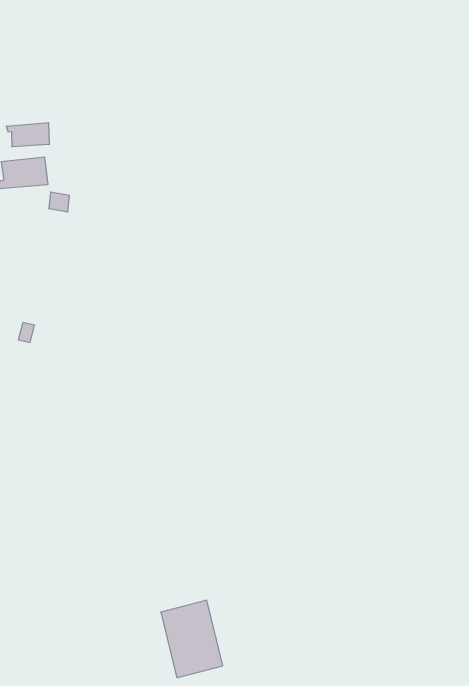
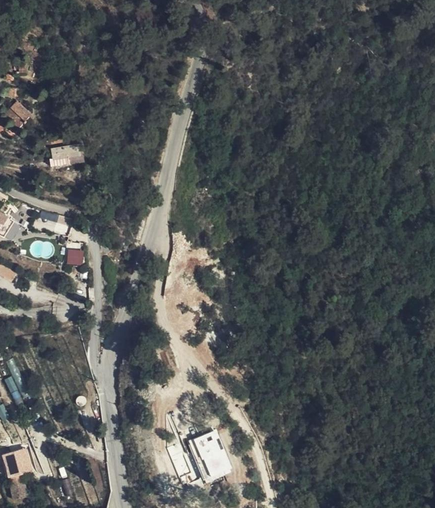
building: [6,123,49,147] -> none

